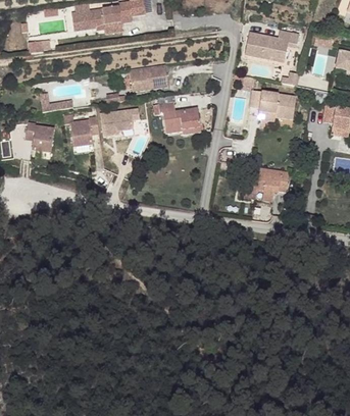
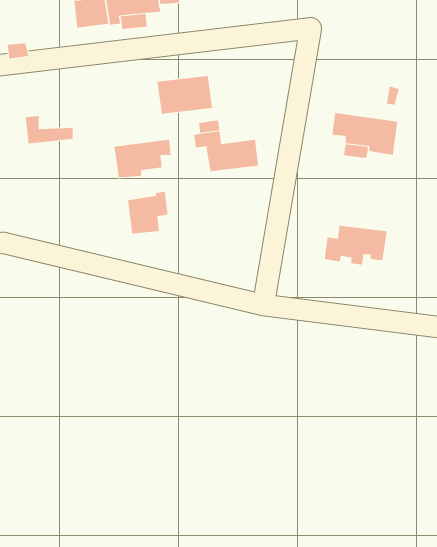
building: [244,27,298,56] -> none
building: [70,117,99,147] -> [127,191,169,234]
building: [27,121,55,152] -> none

